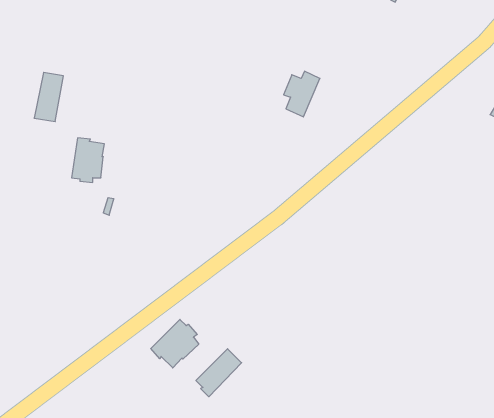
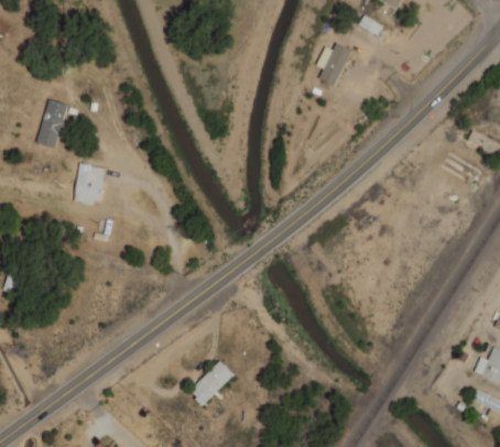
building: [284,71,320,117] -> [317,44,351,87]
building: [151,319,199,368] -> none

